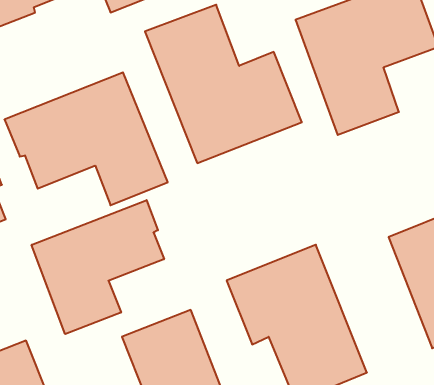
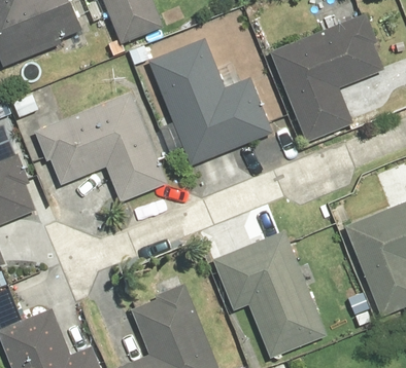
building: [32,200,164,334] -> none

